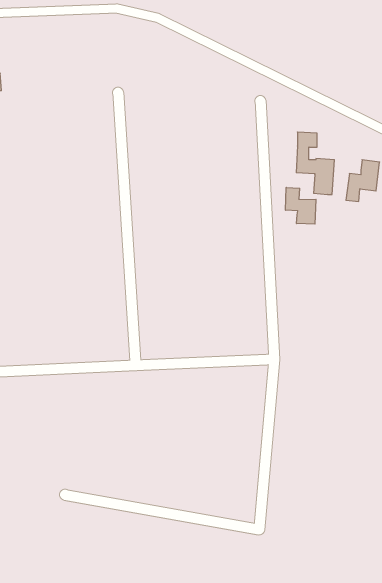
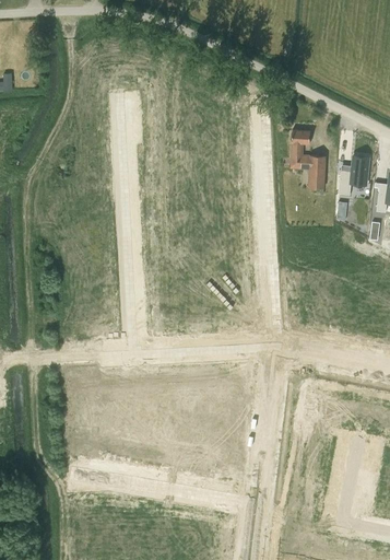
building: [286,187,316,224] -> none

